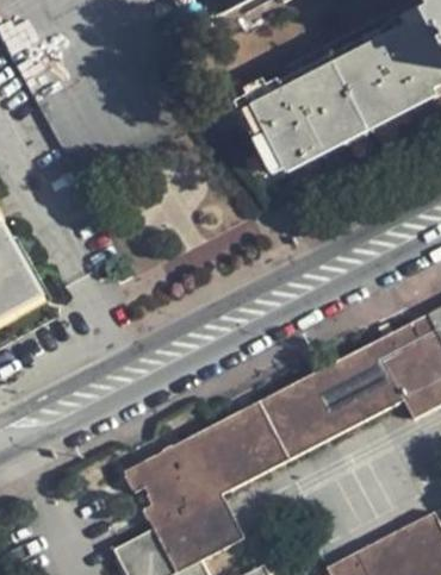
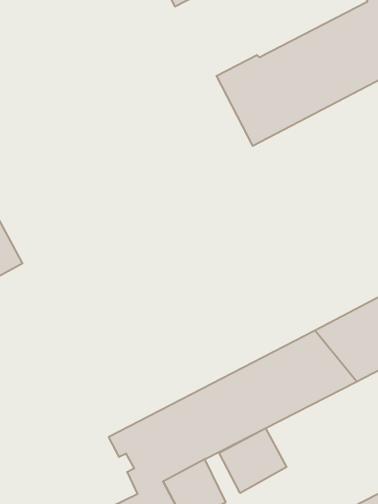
building: none -> [219,428,287,493]

